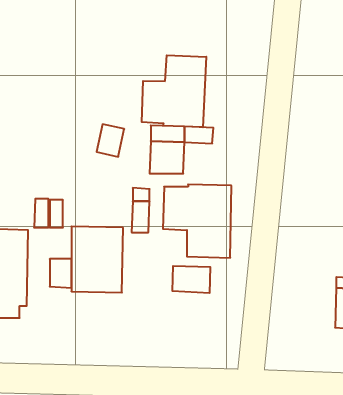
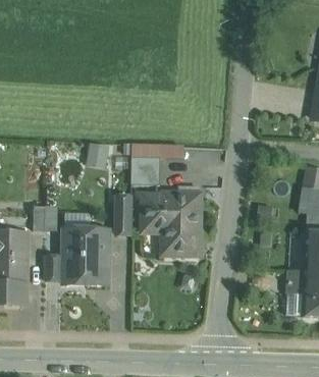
building: [142,55,206,127] -> none
building: [172,266,210,293] -> none

